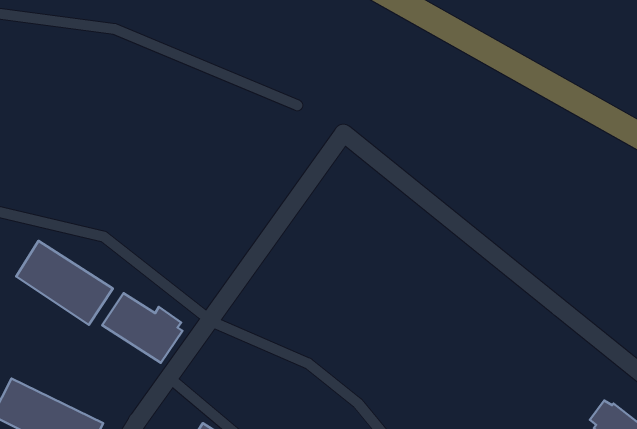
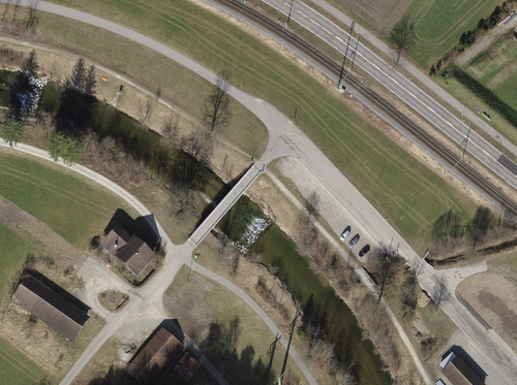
building: [16,241,113,325] -> none

